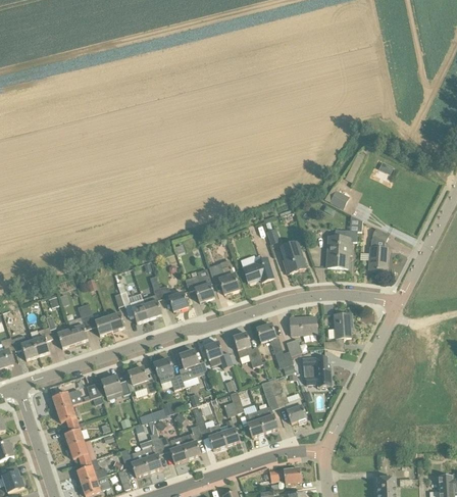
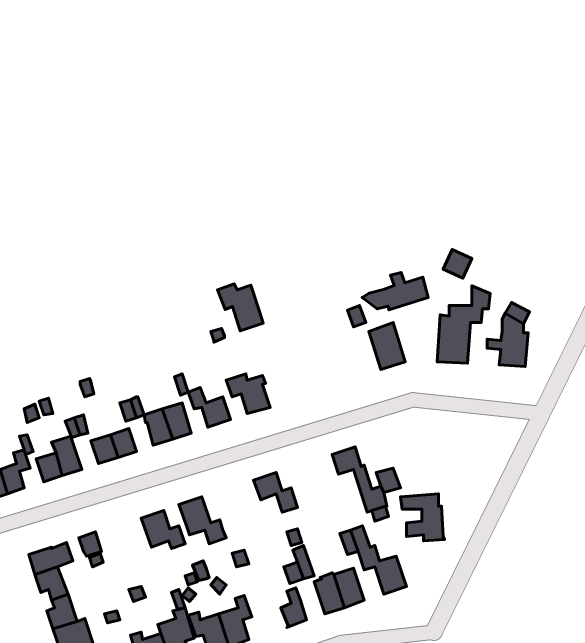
building: none -> [362,272,428,310]
building: [243,257,273,282] -> none
building: [208,262,239,294] -> [217,284,263,331]
building: [323,313,352,350] -> none
building: [289,315,316,335] -> none
building: [233,332,262,366] -> none
building: [179,349,208,380] -> none
building: [101,375,130,396] -> none
building: [195,413,225,449] -> none

